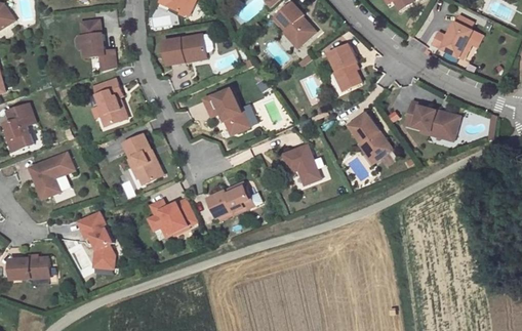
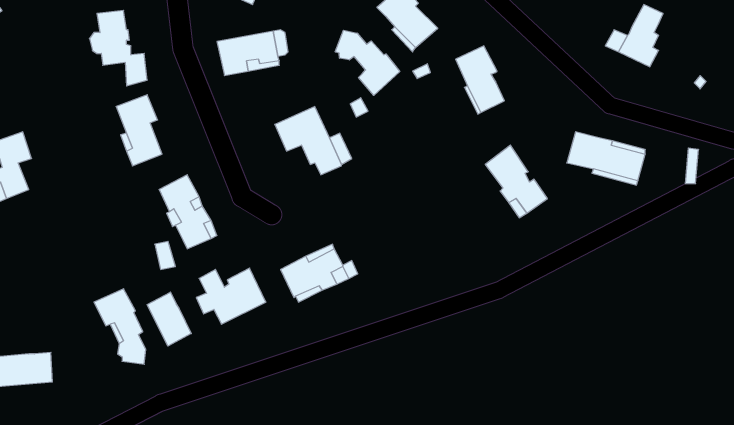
building: none -> [335,30,400,95]
building: [282,144,320,184] -> none
building: [30,157,63,199] -> none
building: none -> [147,292,191,346]

